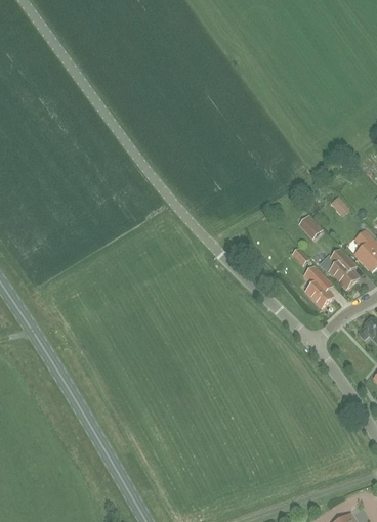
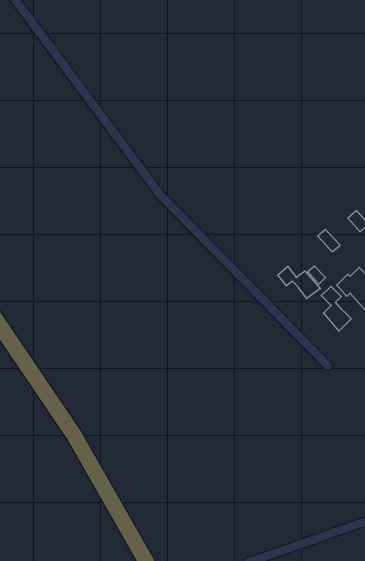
building: none -> [278,266,320,299]

